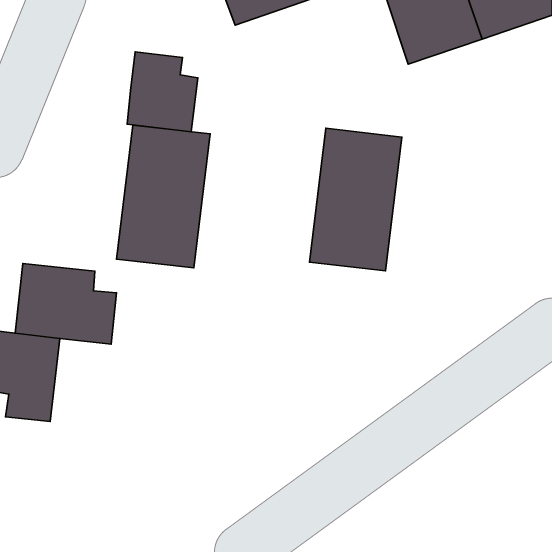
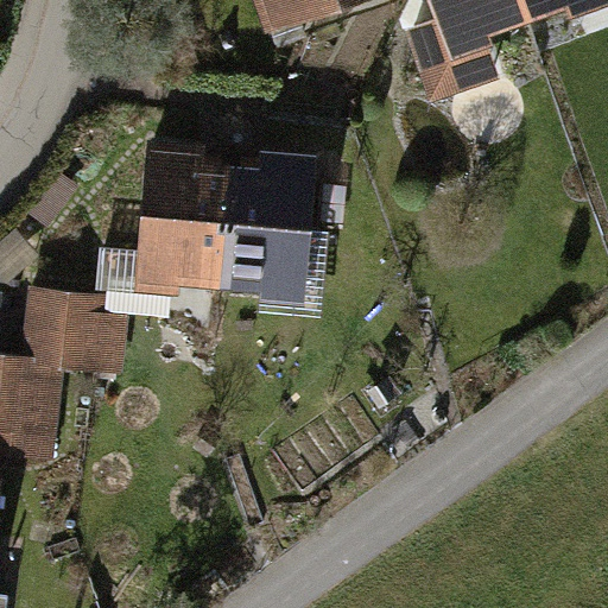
building: [127,52,198,132] -> none
building: [309,128,402,271] -> [211,146,312,302]

